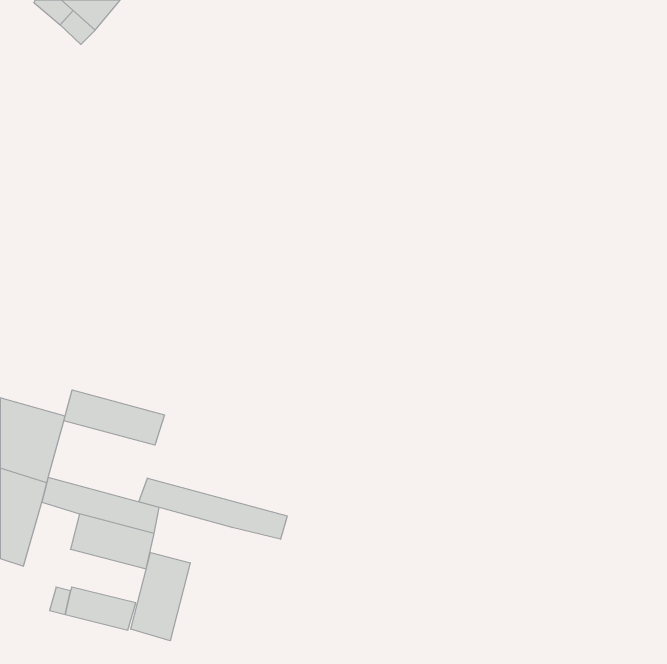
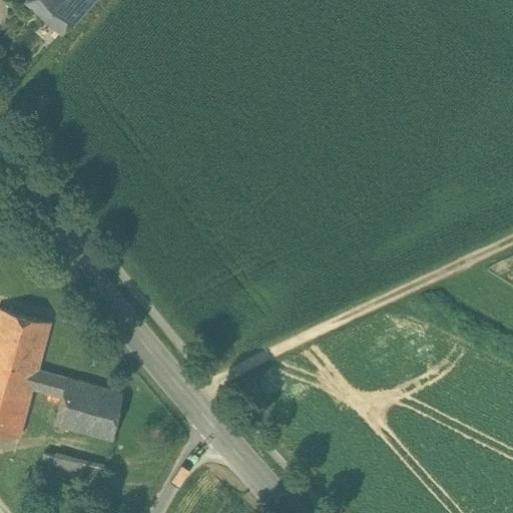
building: [64,390,165,445] -> none
building: [139,478,287,539] -> none
building: [131,552,190,641] -> none

